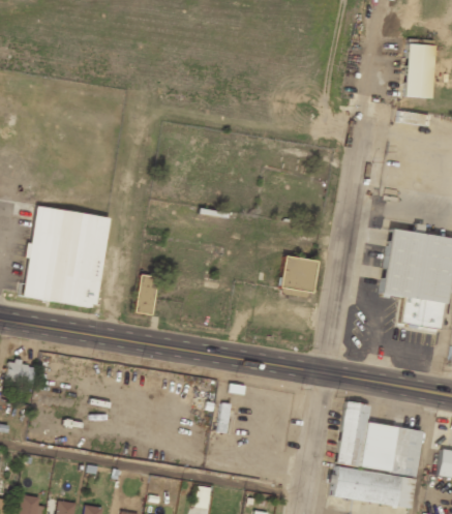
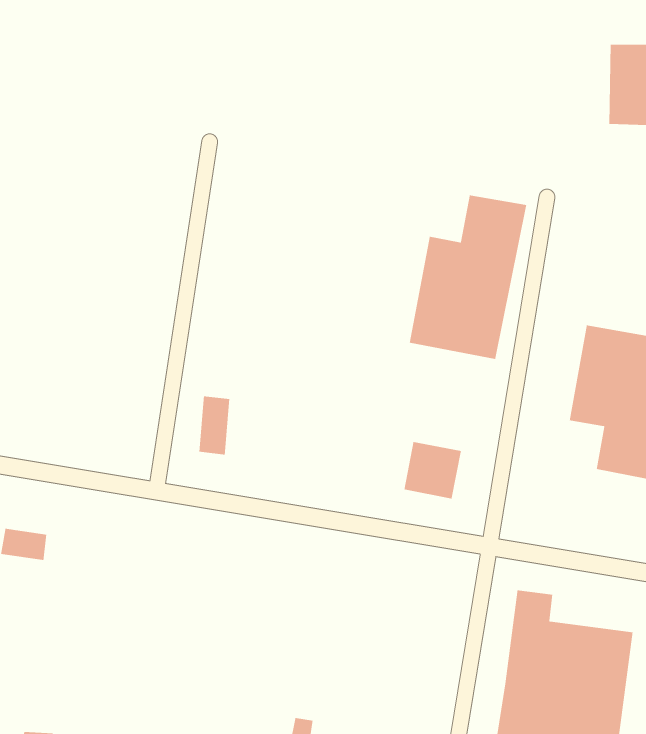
building: none -> [409,194,527,360]
building: [24,207,110,306] -> none
building: [280,255,319,294] -> [403,441,462,499]

